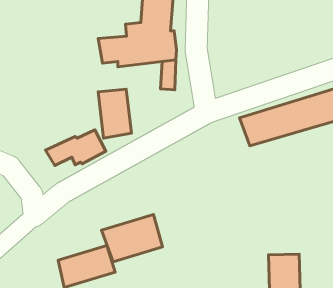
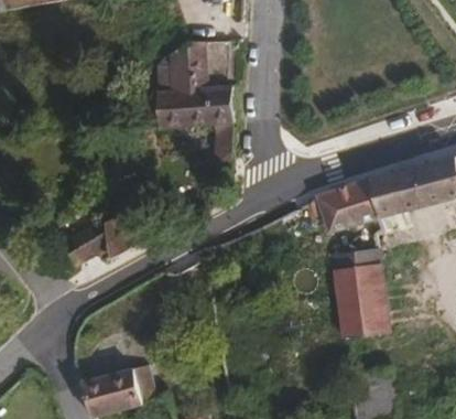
building: [98,89,131,138] -> none
building: none -> [333,246,384,336]
building: [101,215,163,262] -> none

